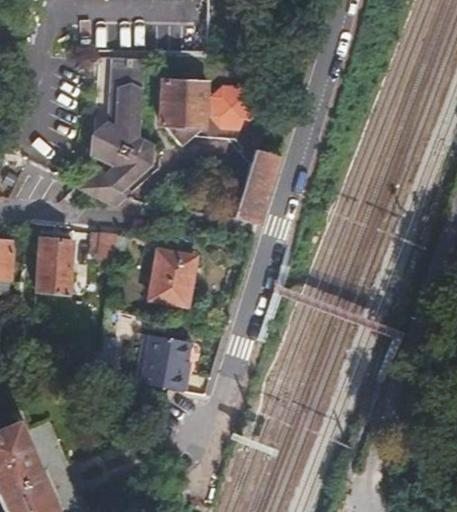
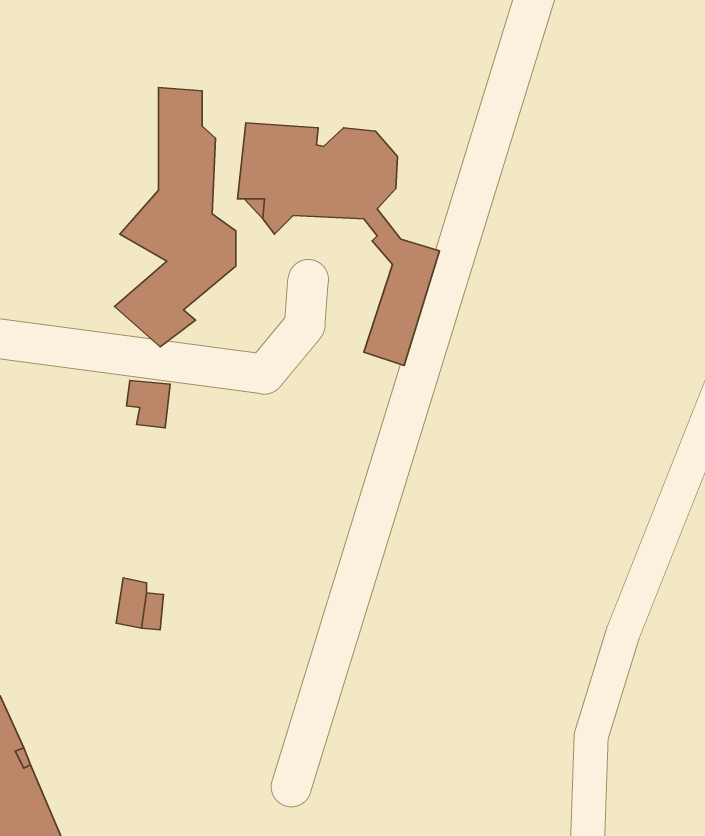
building: [36,236,76,291] -> none
building: [152,250,195,303] -> none
building: [138,336,187,391] -> none

